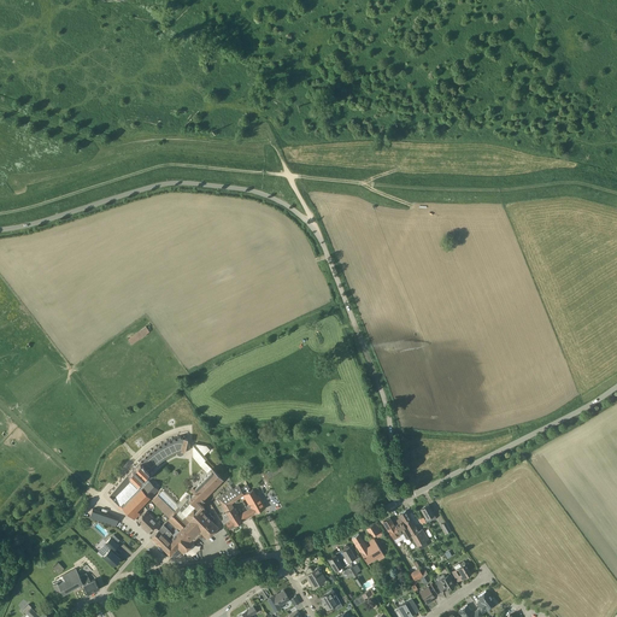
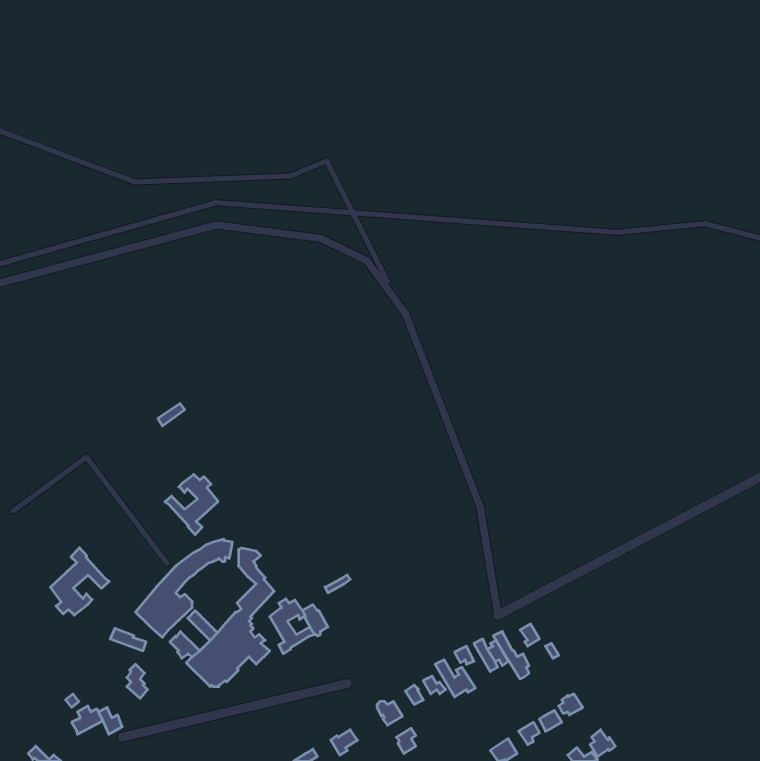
building: none -> [165,474,218,535]
building: none -> [50,548,109,615]

